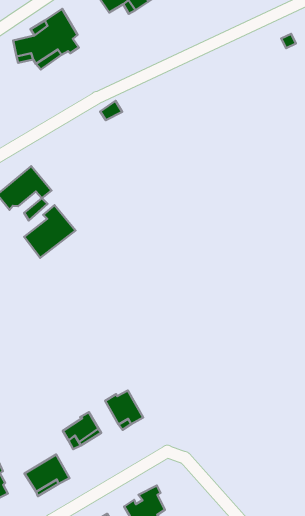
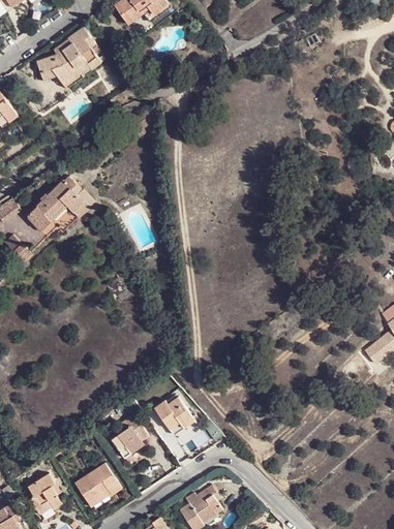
building: [24,205,76,258] -> none

